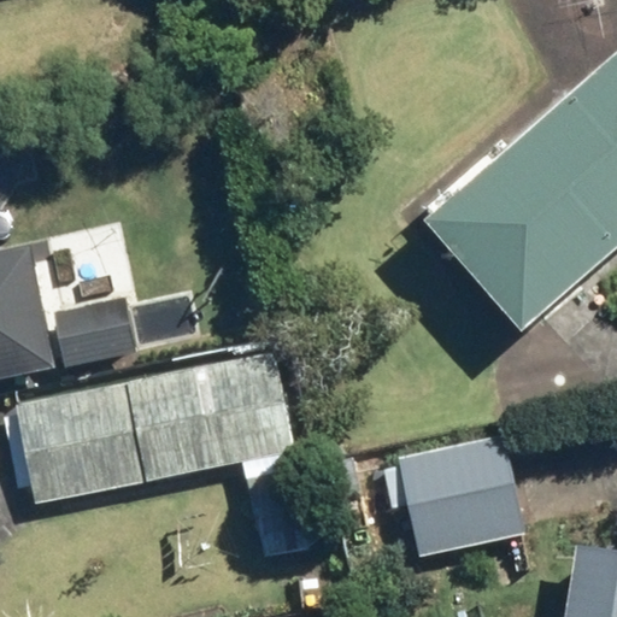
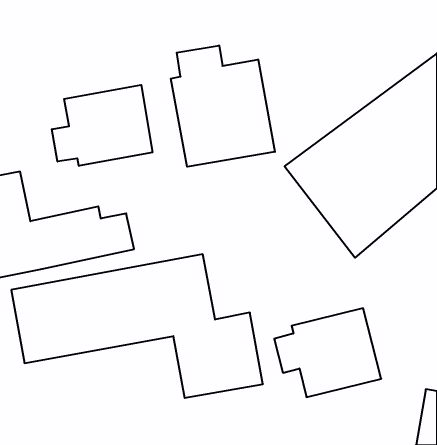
building: none -> [171,45,275,167]
building: none -> [52,85,152,166]

